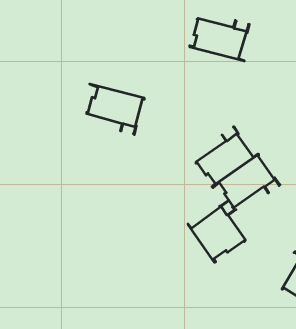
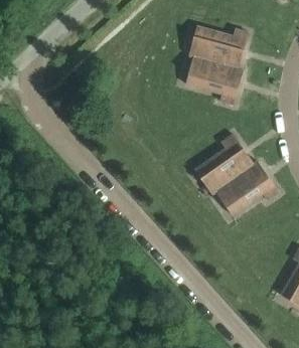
building: [87,84,144,135] -> [186,54,244,105]
building: [188,200,245,262] -> none

